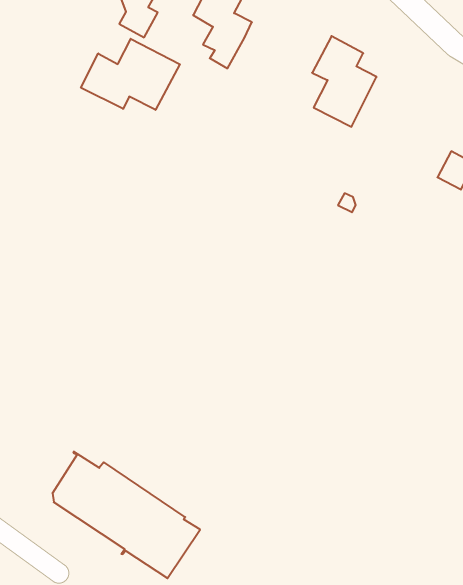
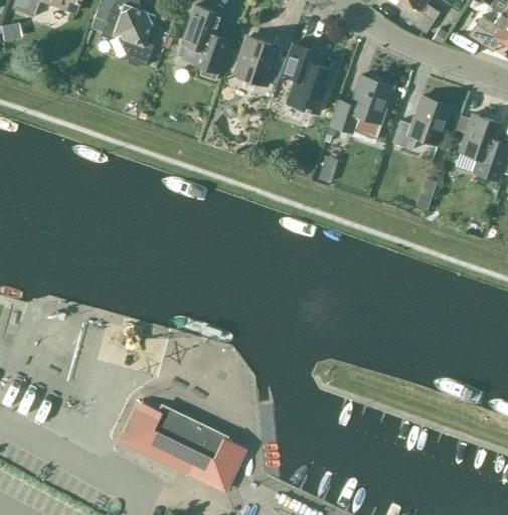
building: none -> [234,36,285,85]
building: [81,39,180,110] -> none
building: none -> [330,75,392,133]

